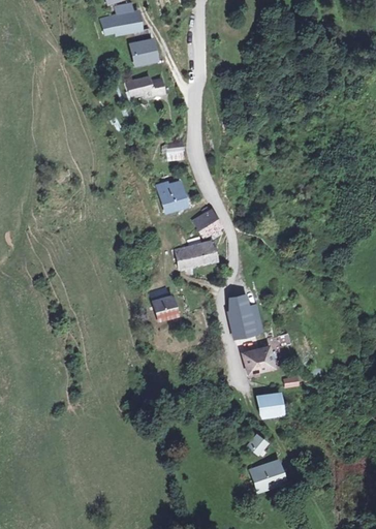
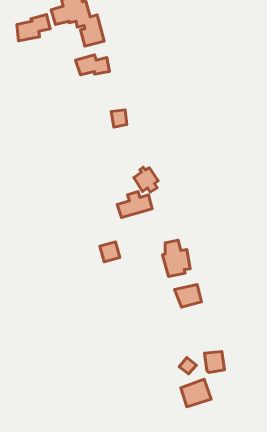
building: none -> [17,15,50,41]
building: [158,178,186,209] -> none
building: [258,395,282,419] -> [204,352,224,372]

